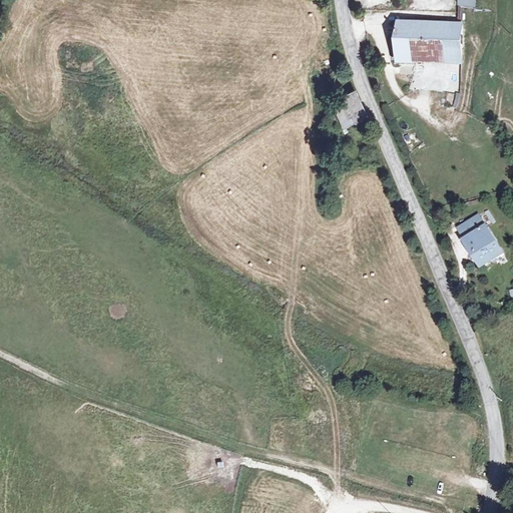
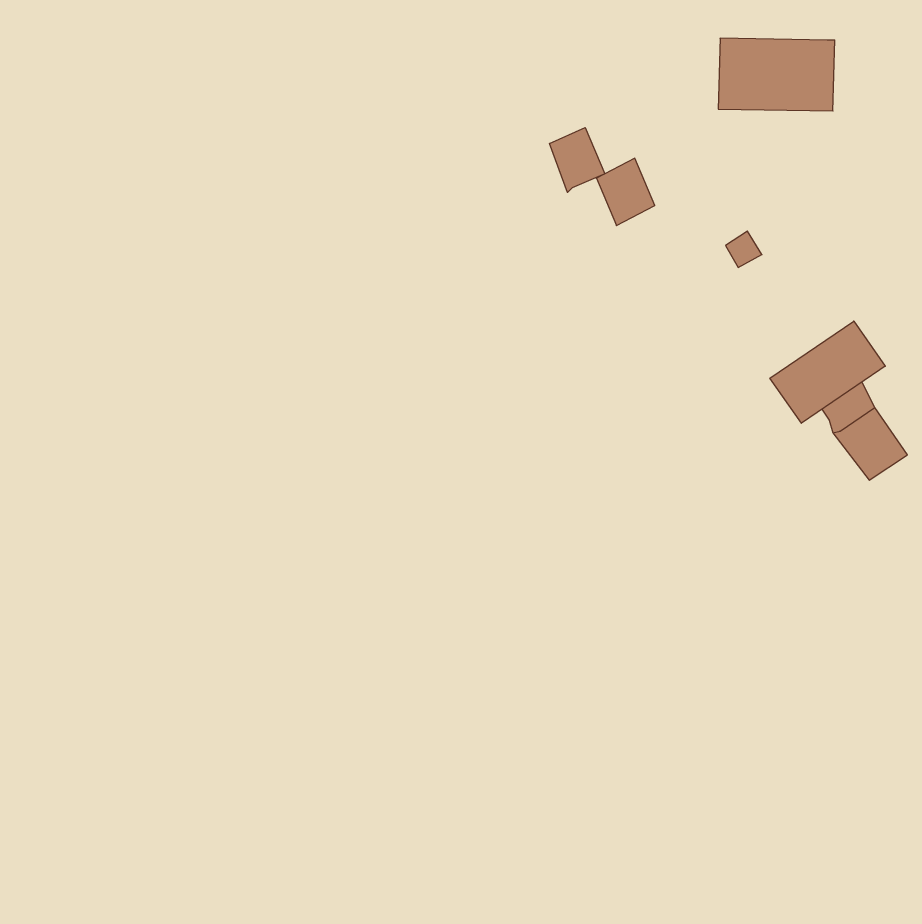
building: none -> [550,128,605,192]
building: none -> [770,321,885,423]

